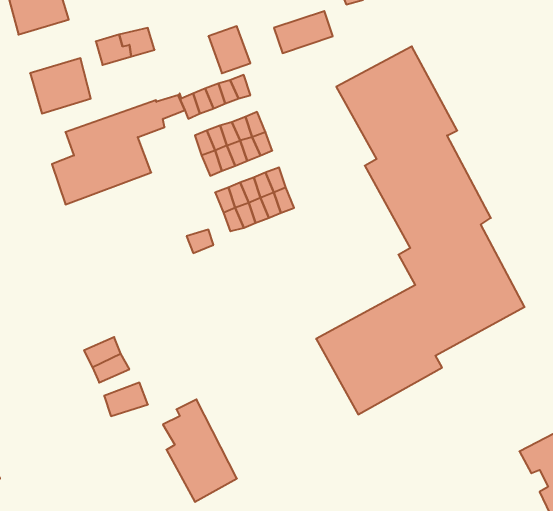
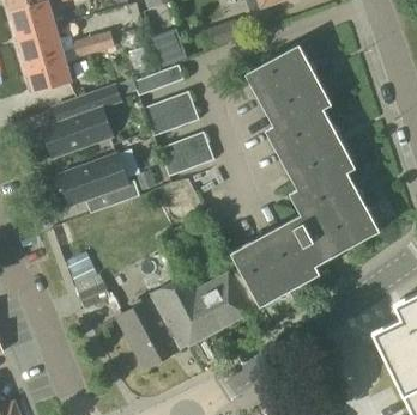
building: none -> [18,26,62,65]
building: none -> [59,154,140,214]
building: none -> [145,269,249,353]

